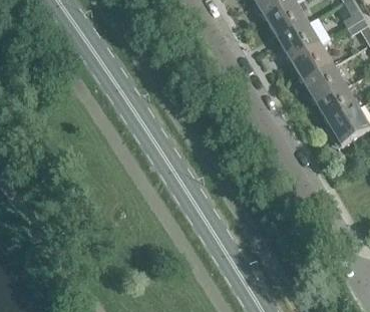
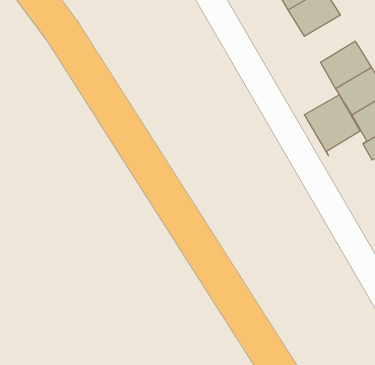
building: [278,21,319,59] -> none
building: none -> [304,95,360,156]

